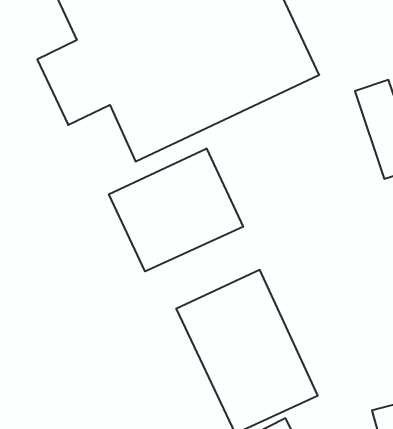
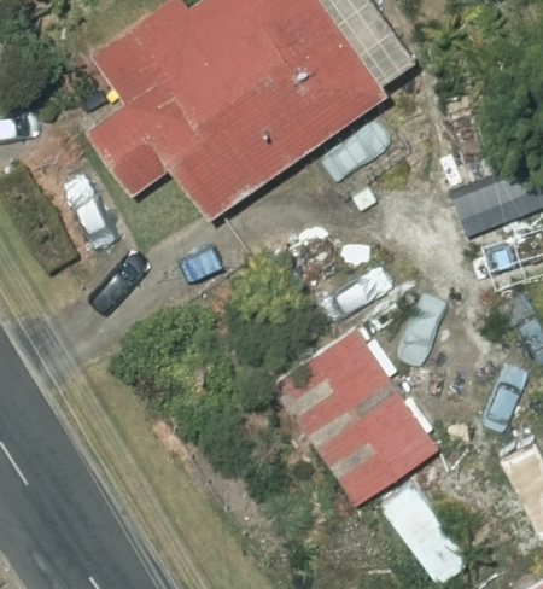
building: [109,148,243,271] -> none

